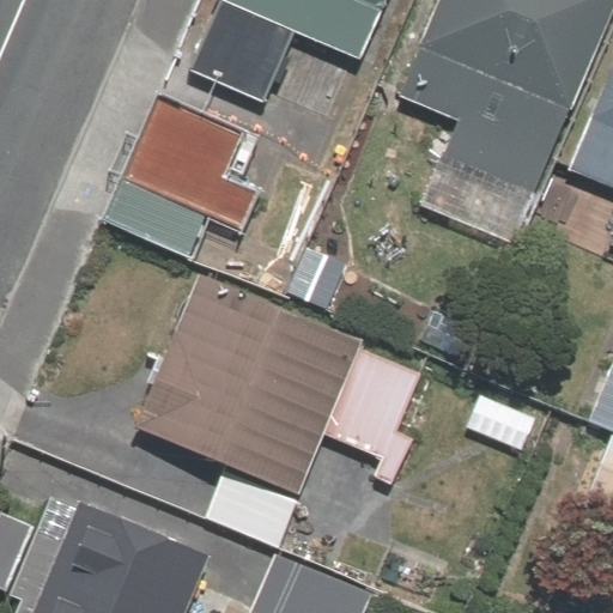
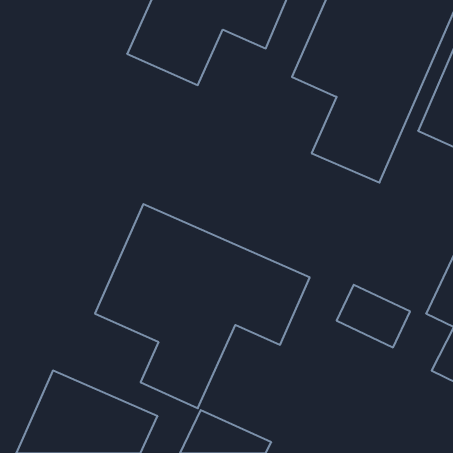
building: [109,93,265,261] -> none

